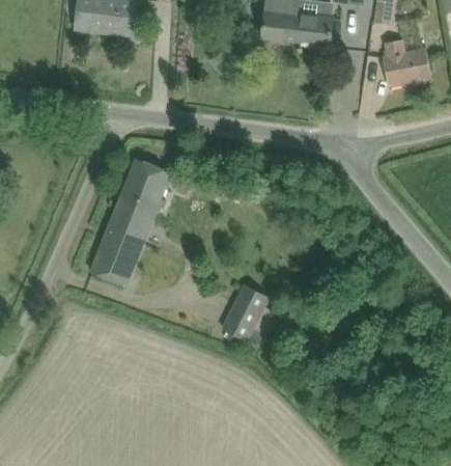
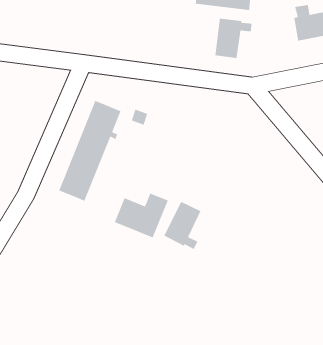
building: none -> [215,18,252,59]
building: none -> [114,192,169,238]

